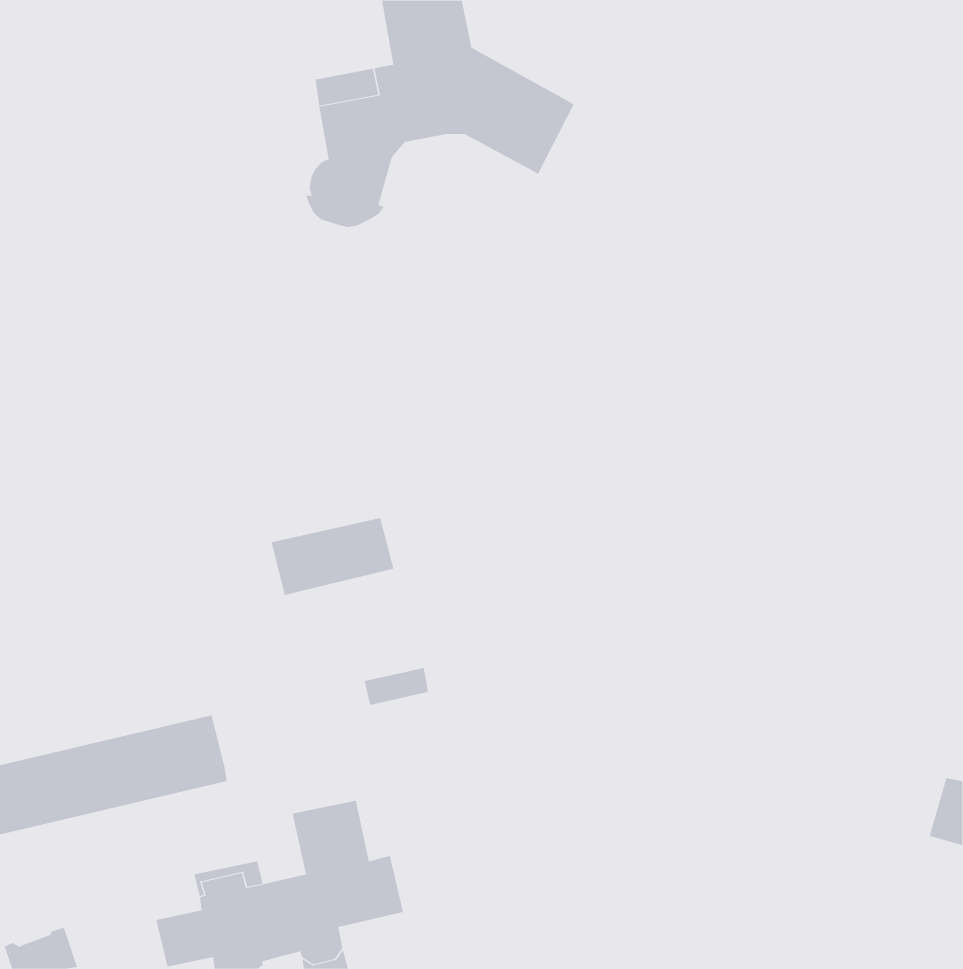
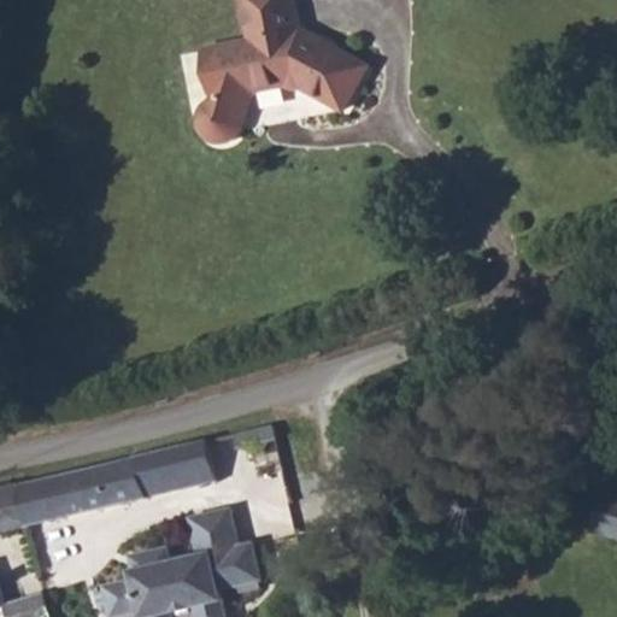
building: [271,518,394,595] -> [135,439,213,488]

